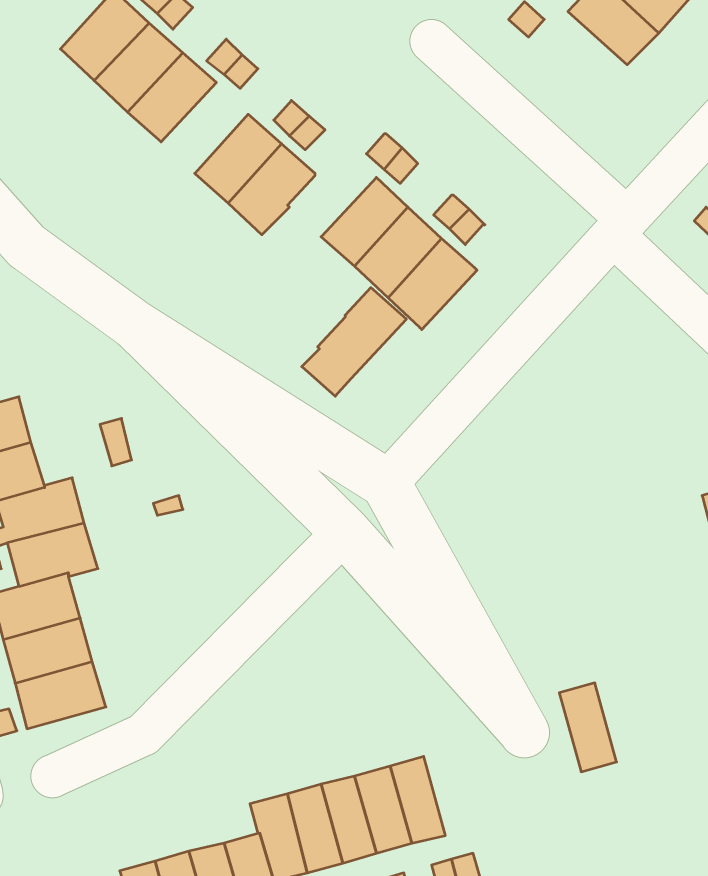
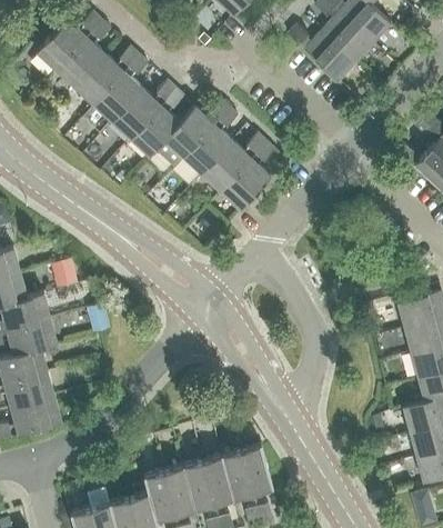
building: none -> [303,30,354,80]
building: none -> [92,70,141,121]
building: [302,288,406,396] -> [154,106,213,167]
building: [559,683,617,772] -> [240,444,272,494]

